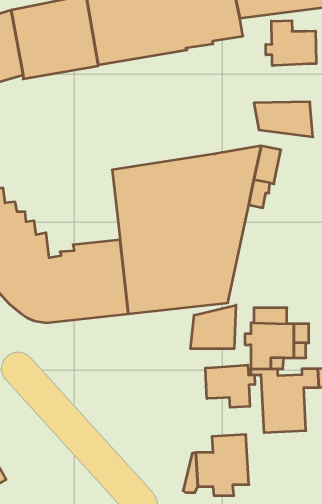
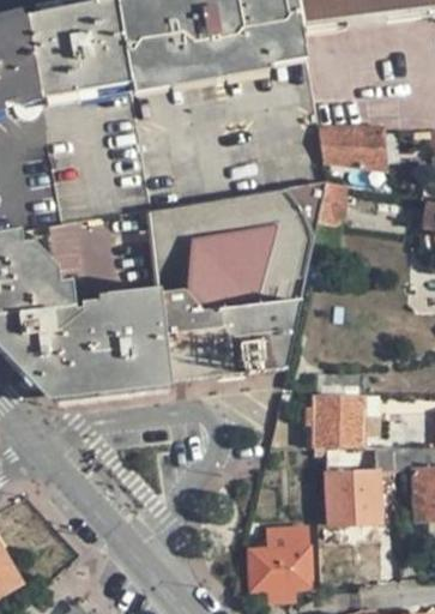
building: [266,21,316,66] -> none
building: [191,305,236,349] -> none
building: [205,365,255,407] -> none

